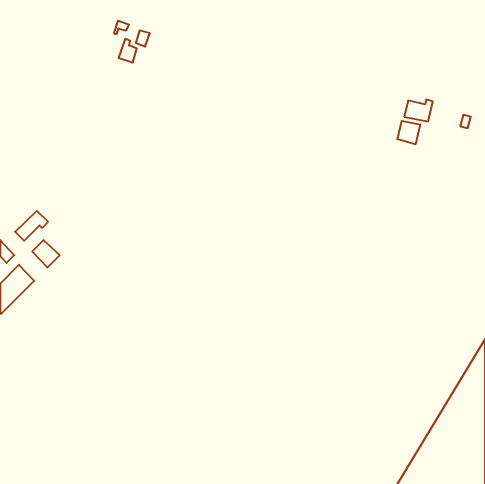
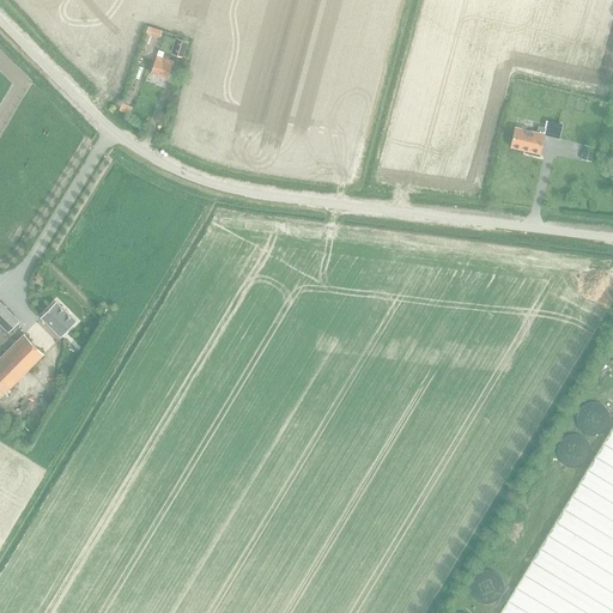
building: [397,121,420,144] -> none
building: [15,211,48,241] -> none

